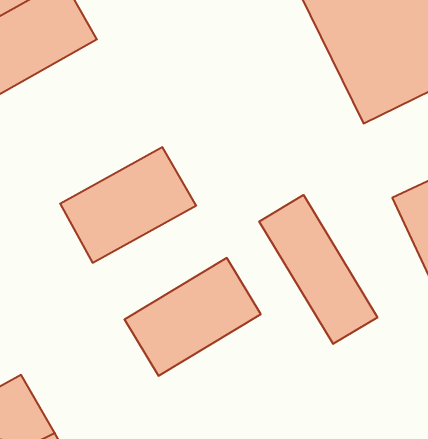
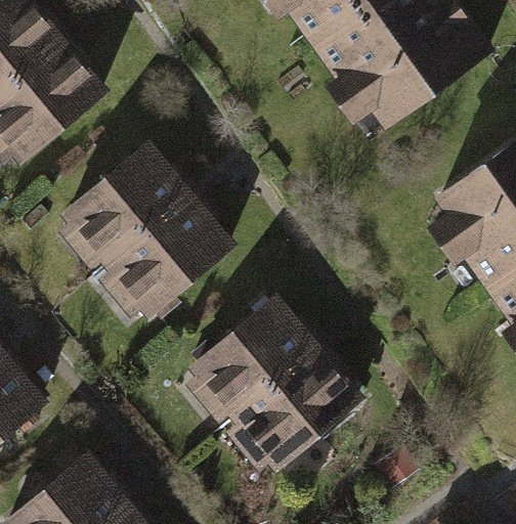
building: none -> [53,140,190,269]
building: [259,195,377,344] -> none
building: none -> [225,347,363,479]

